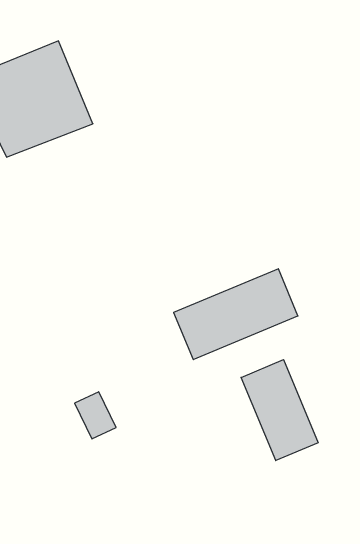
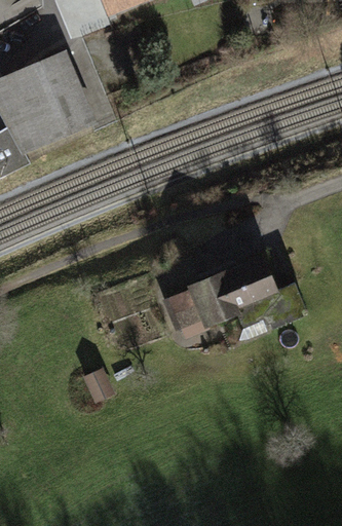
building: [241,360,318,461] -> none

